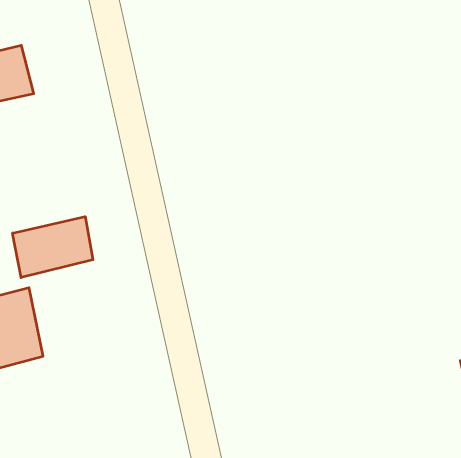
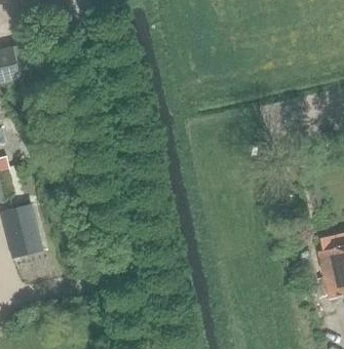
building: [13,217,93,278] -> none

